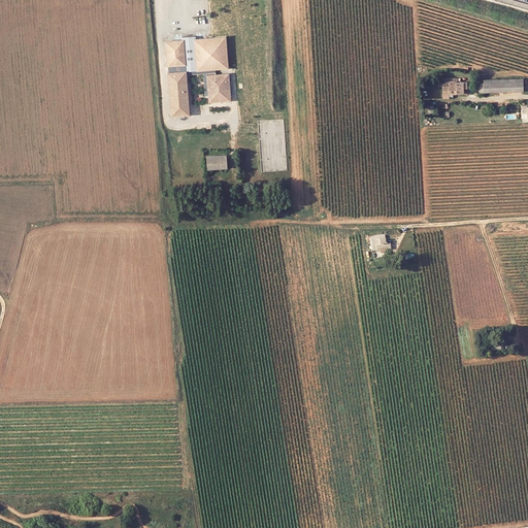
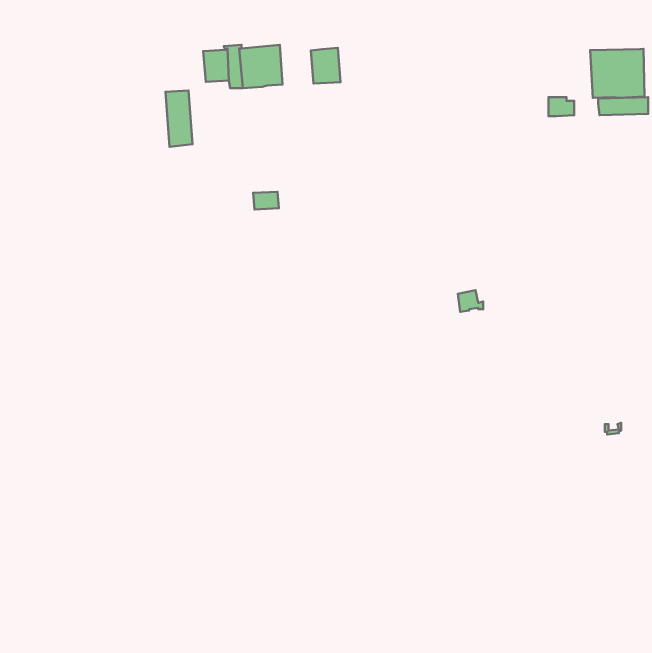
building: none -> [590,49,644,98]
building: [167,71,189,117] -> [166,91,192,147]
building: [206,73,230,102] -> [311,48,340,84]

